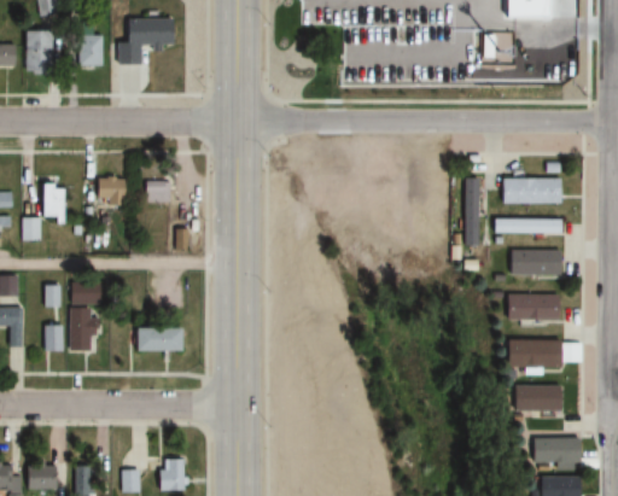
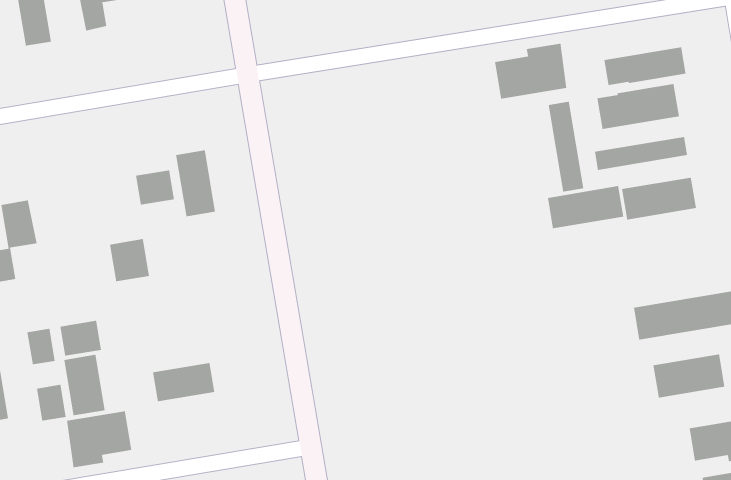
building: none -> [494,43,567,100]
building: none -> [604,47,686,86]
building: none -> [176,149,216,217]
building: [98,177,124,206] -> [109,239,150,282]
building: [506,294,561,319] -> [547,186,624,229]
building: none -> [67,410,132,468]

